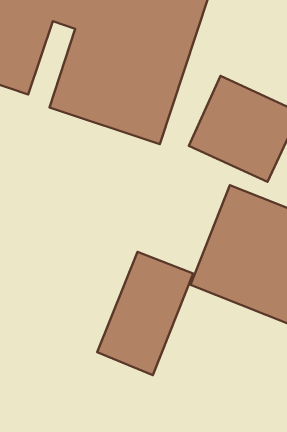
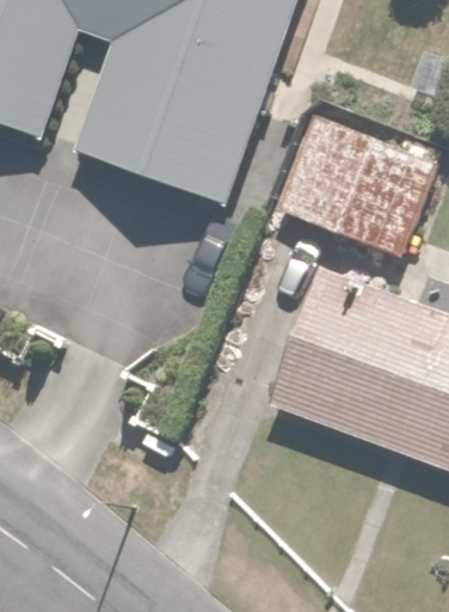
building: [97,252,193,375] -> none

